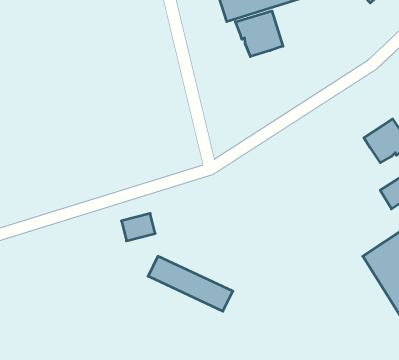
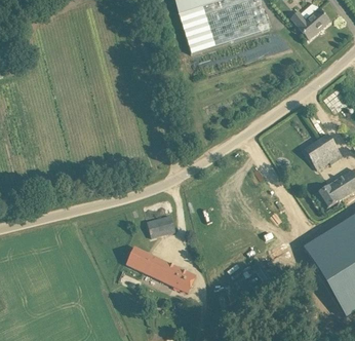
building: [235,11,283,57] -> none
building: [121,213,155,241] -> [148,215,175,237]

